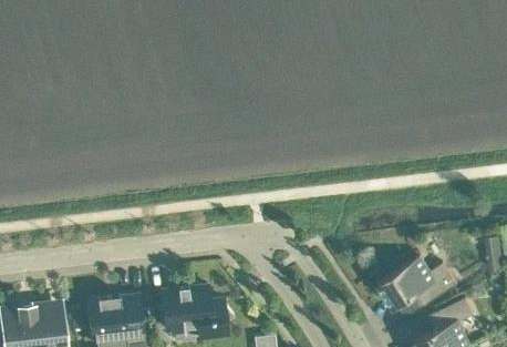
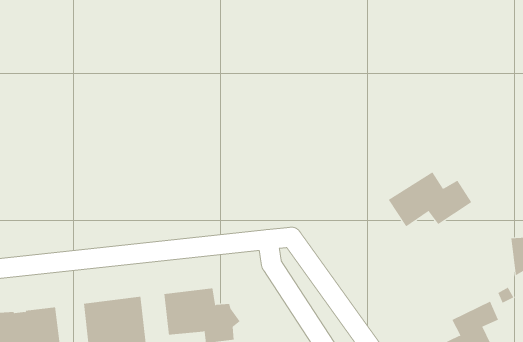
building: [377,256,456,308] -> [388,172,472,227]

